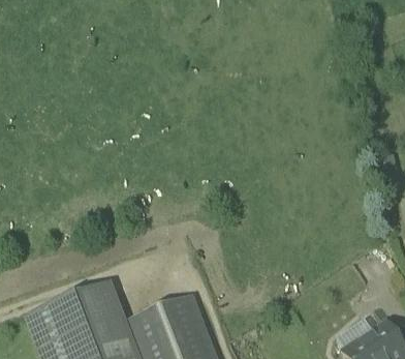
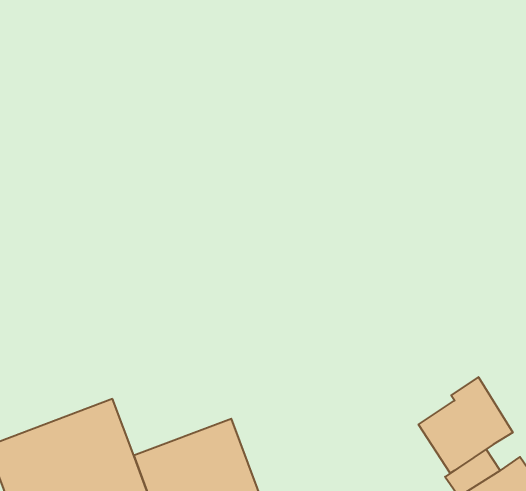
building: none -> [419,377,513,473]

